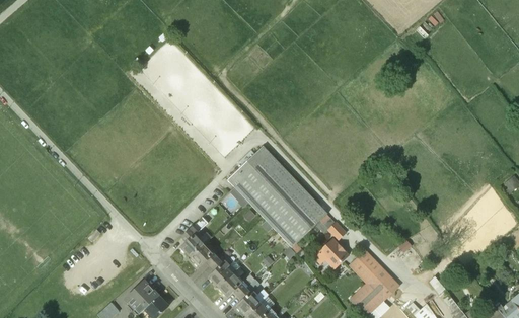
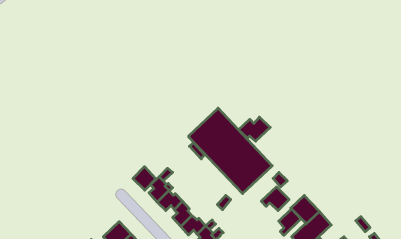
building: none -> [239,117,270,141]
building: none -> [133,167,156,190]
building: none -> [279,209,301,235]

